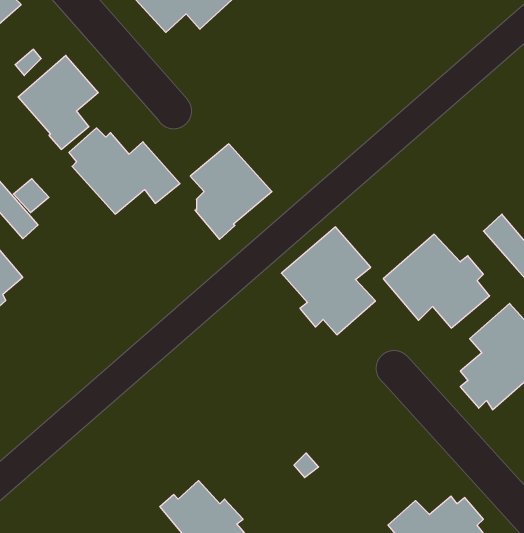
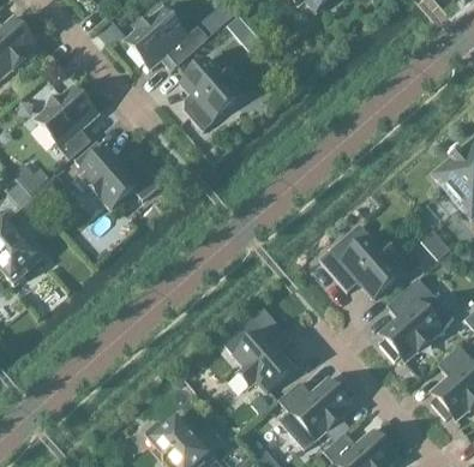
building: [190,144,272,239] -> [179,56,242,131]
building: [281,227,375,335] -> [222,309,295,393]
building: none -> [277,377,353,450]

